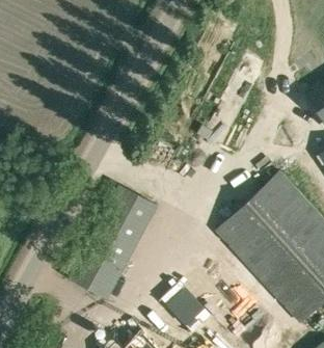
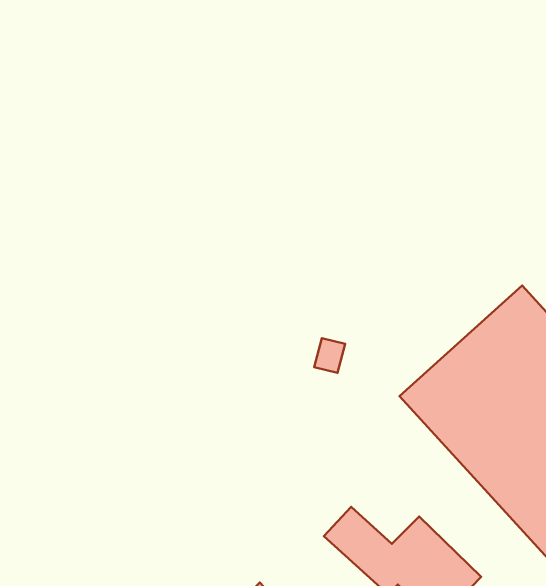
building: [68,185,157,299] -> none

